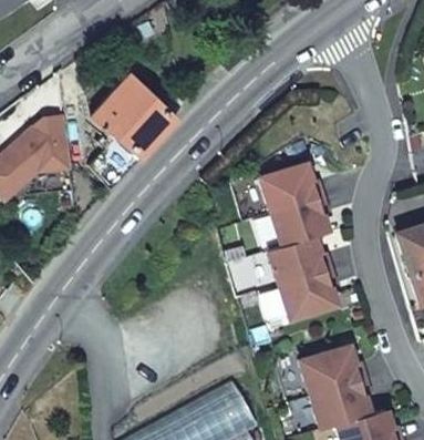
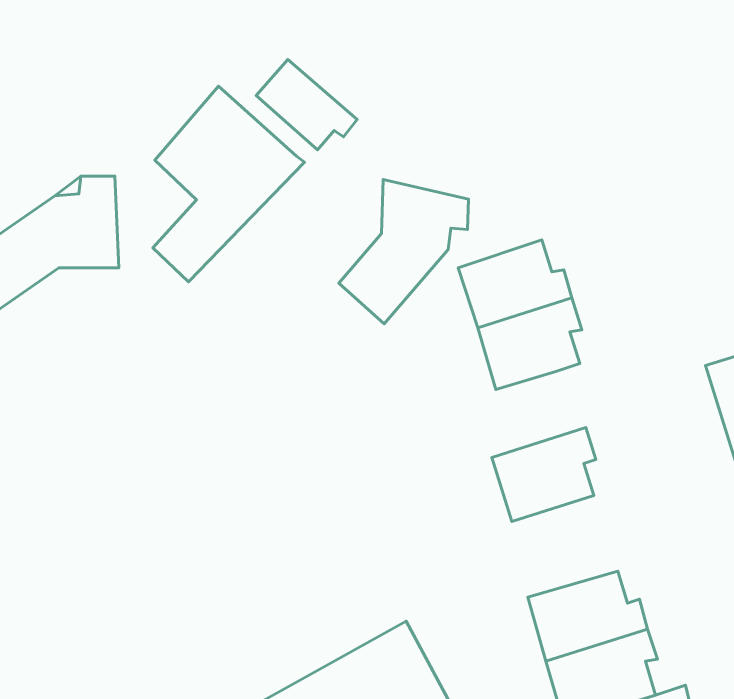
building: none -> [256,60,357,150]
building: none -> [339,180,469,324]
building: [267,235,330,283] -> none

